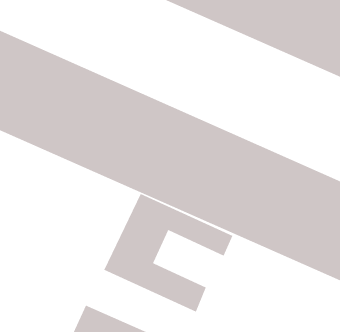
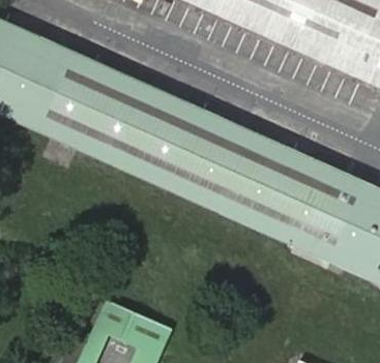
building: [104,193,233,313] -> none

